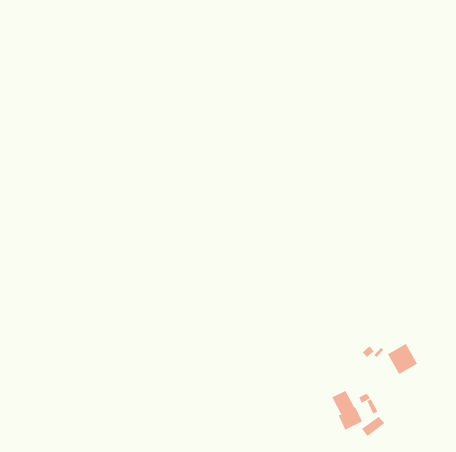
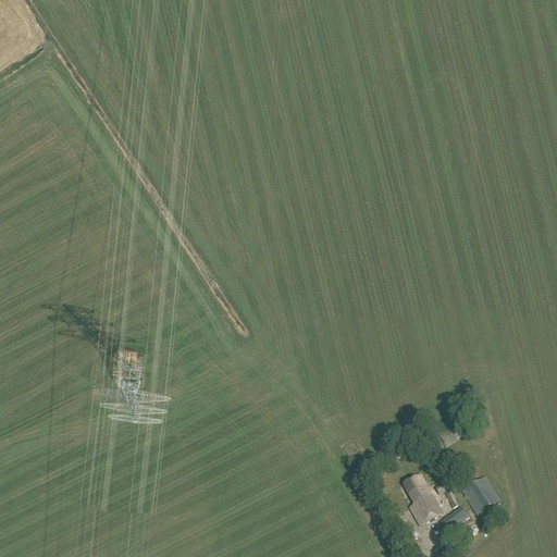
building: [387,343,418,375] -> [461,475,498,513]

